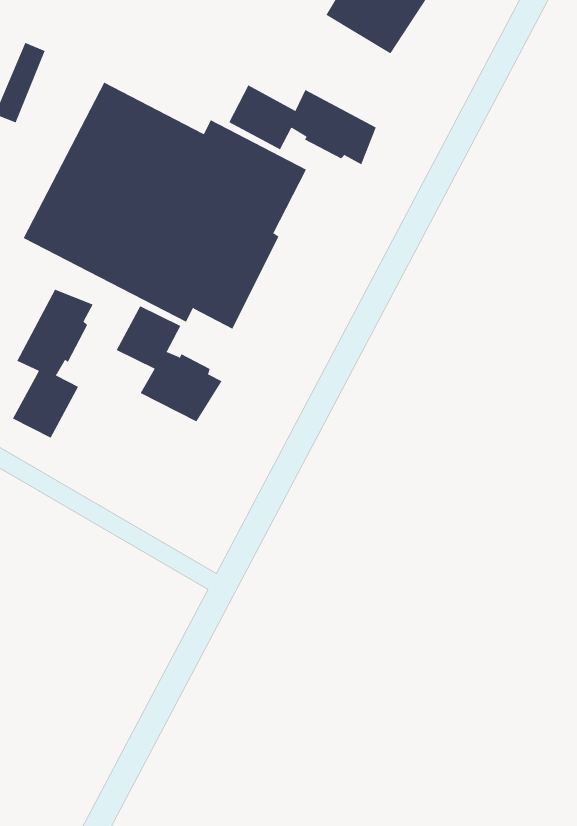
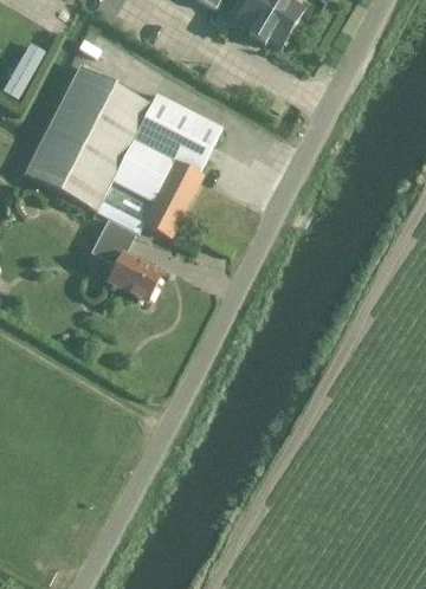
building: [229,85,377,165] -> none
building: [12,289,94,439] -> none

